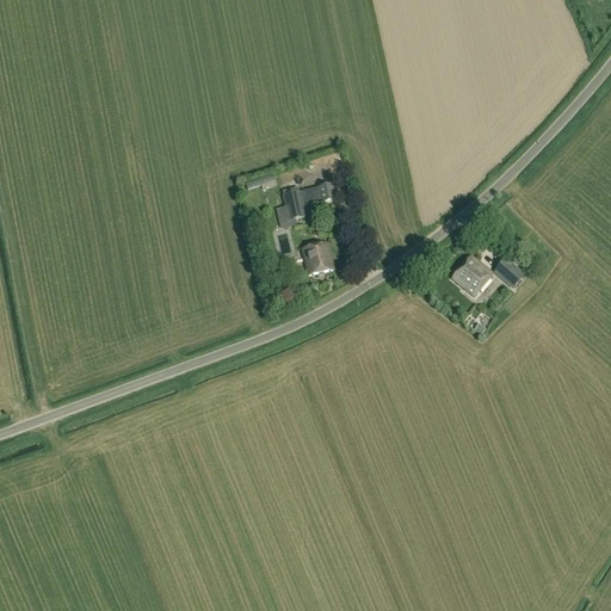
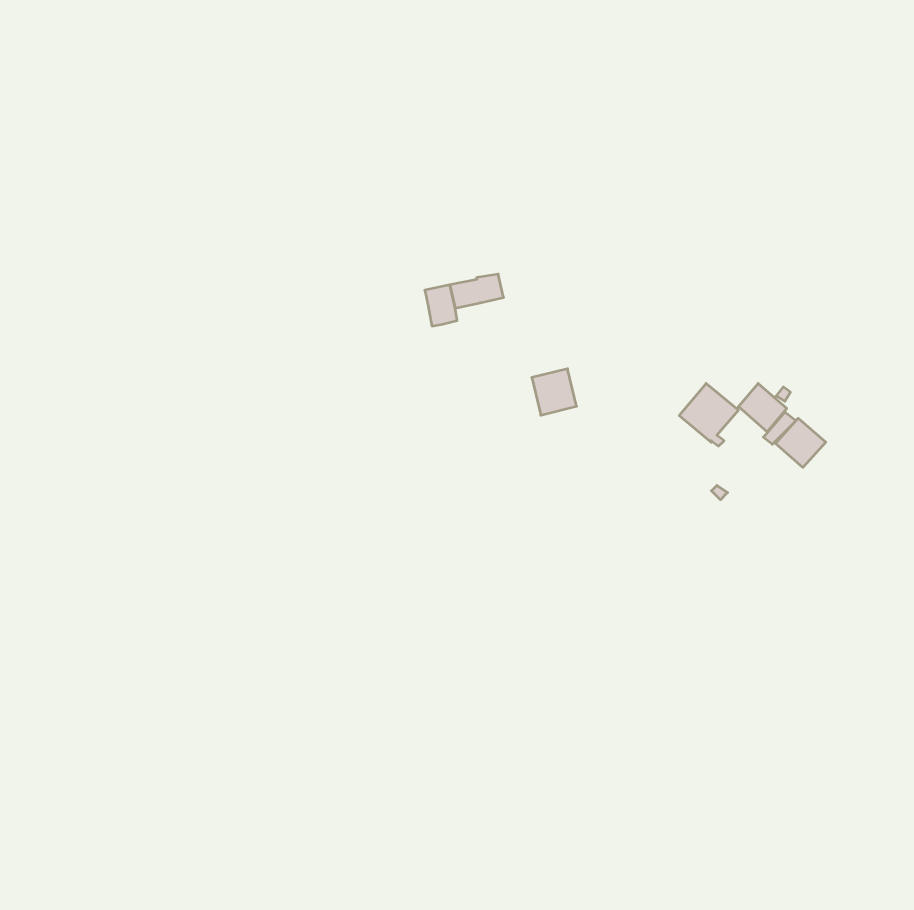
building: [302,242,332,273] -> [532,369,577,415]
building: none -> [775,418,826,467]

